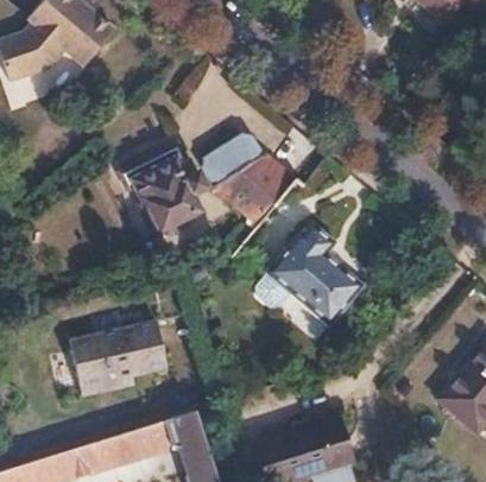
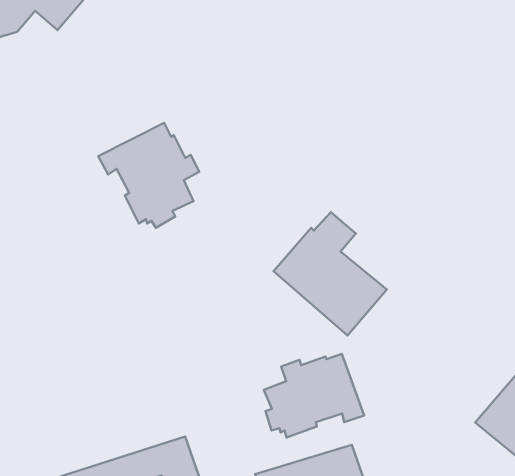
building: [207,140,294,224] -> none
building: [67,322,160,398] -> none
building: none -> [264,354,364,437]

